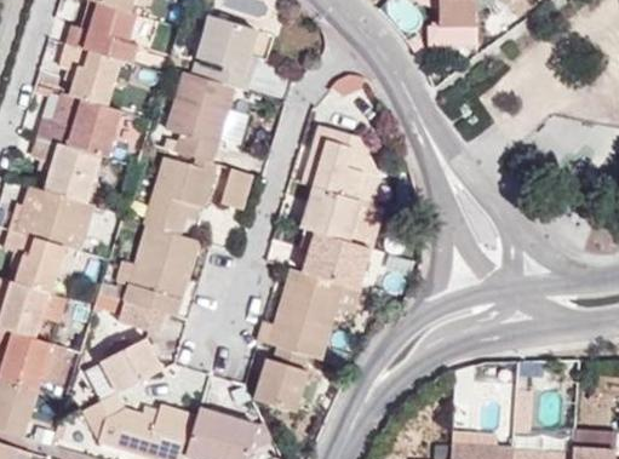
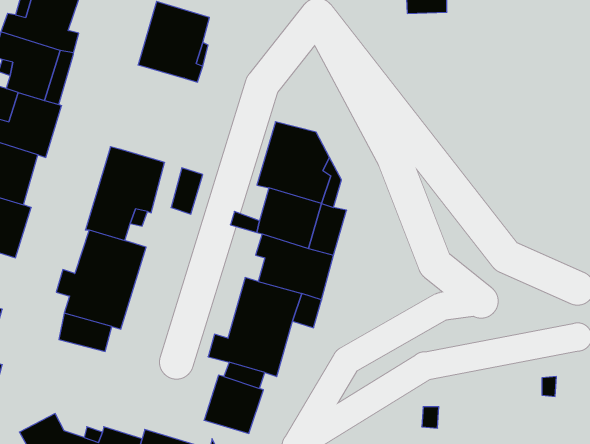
building: [166,70,235,161] -> none
building: [102,338,164,391] -> none

